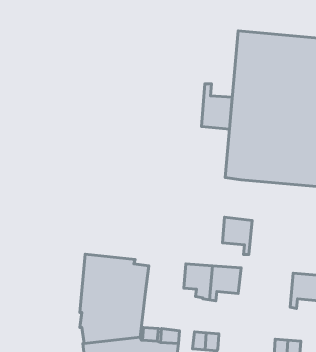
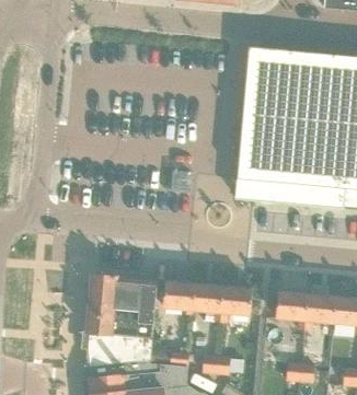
building: [201,84,232,129] -> none
building: [222,217,252,254] -> [275,292,306,330]
building: none -> [163,282,195,315]

